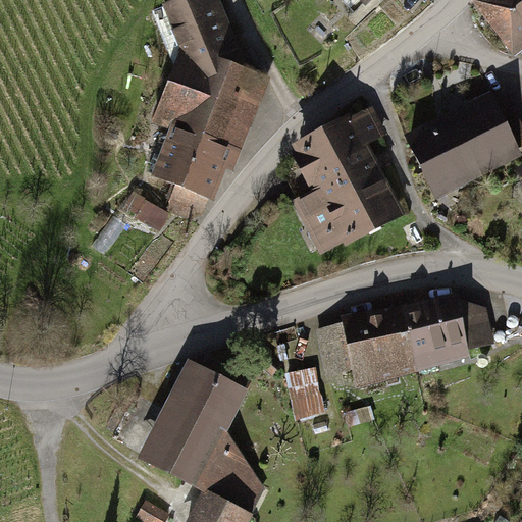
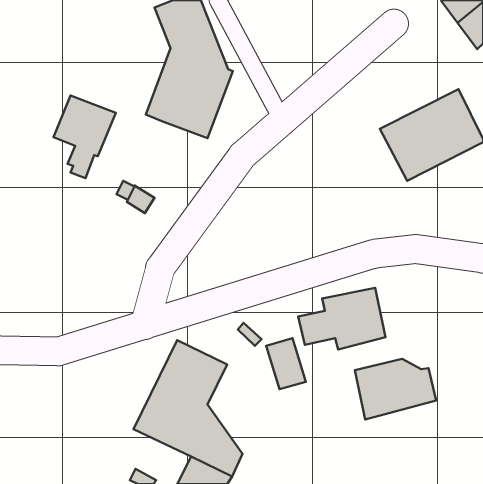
building: [296,109,399,249] -> none
building: [156,130,223,219] -> [53,96,116,178]
building: [404,298,491,363] -> [355,359,436,419]

